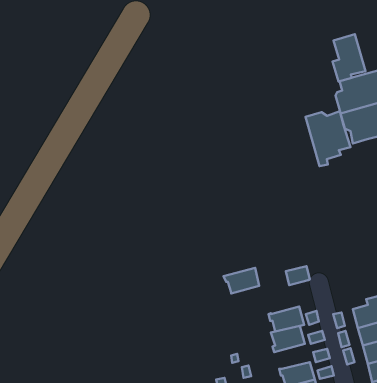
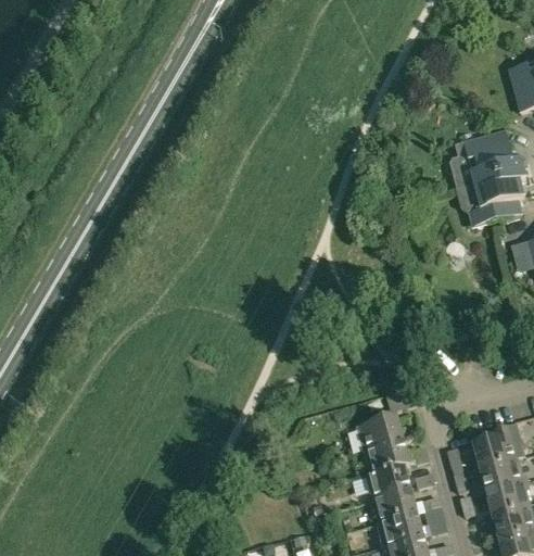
building: [333,34,365,81] -> none
building: [306,111,350,166] -> none
building: [224,268,259,293] -> [356,417,403,451]
building: none -> [370,490,417,522]

